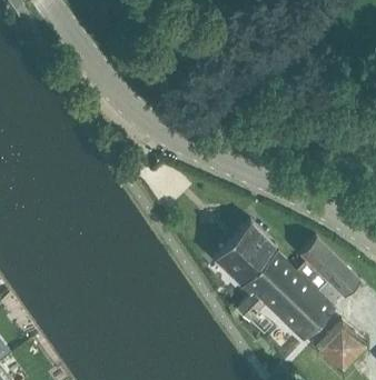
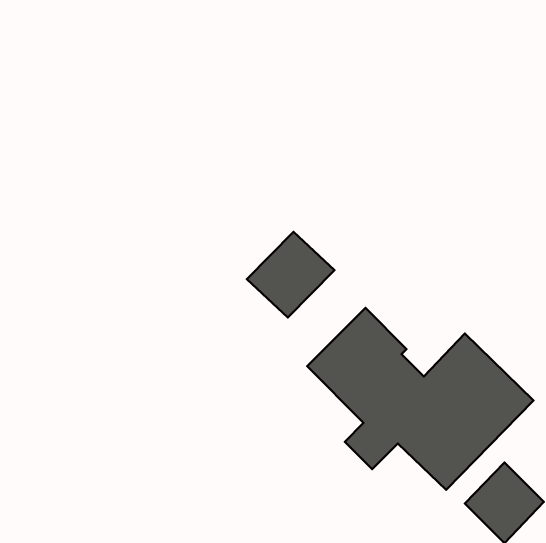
building: none -> [247,232,334,318]

